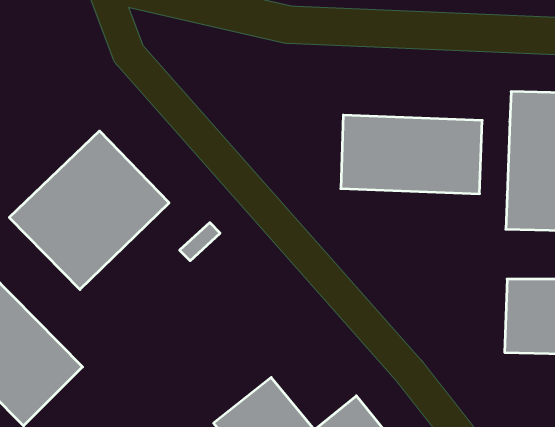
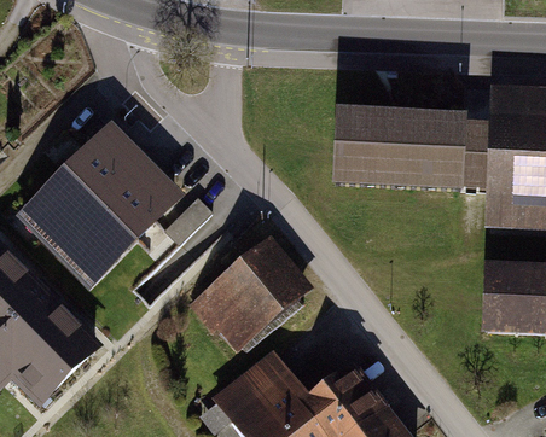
building: none -> [461,118,489,187]
building: none -> [198,240,303,339]

